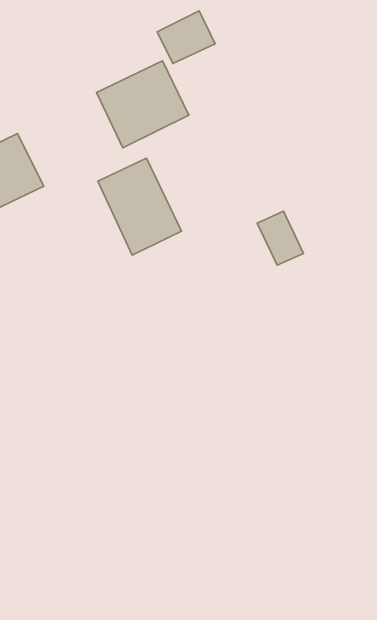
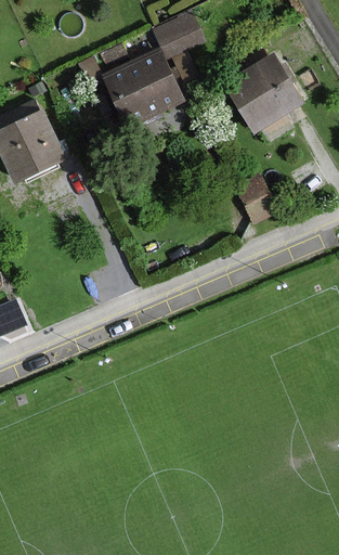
building: none -> [229,56,301,129]
building: [98,158,182,255] -> none

